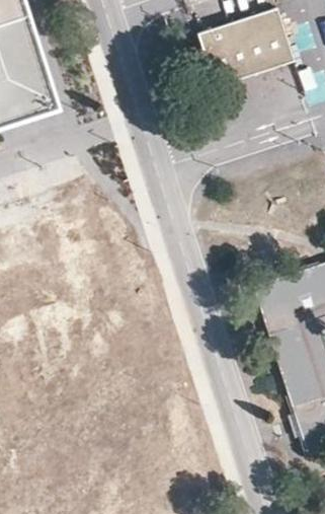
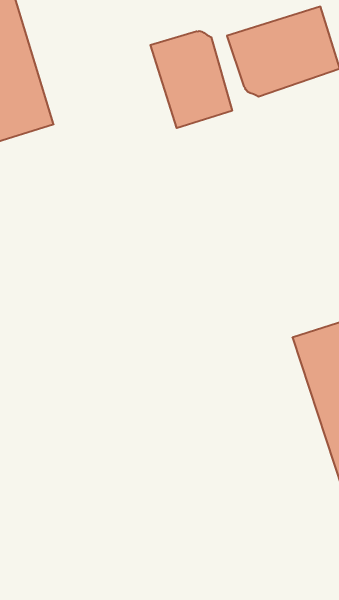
building: none -> [150,31,232,128]

